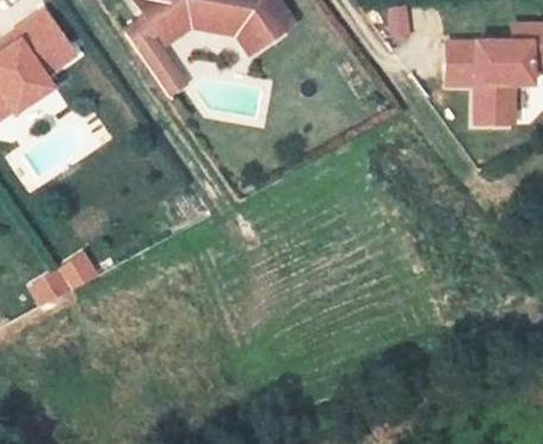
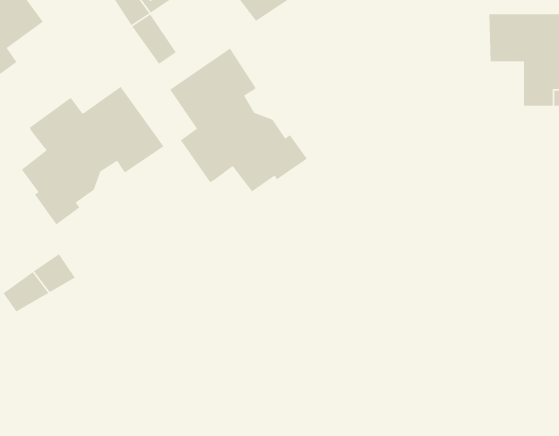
building: none -> [169,48,308,193]
building: none -> [21,86,165,225]

